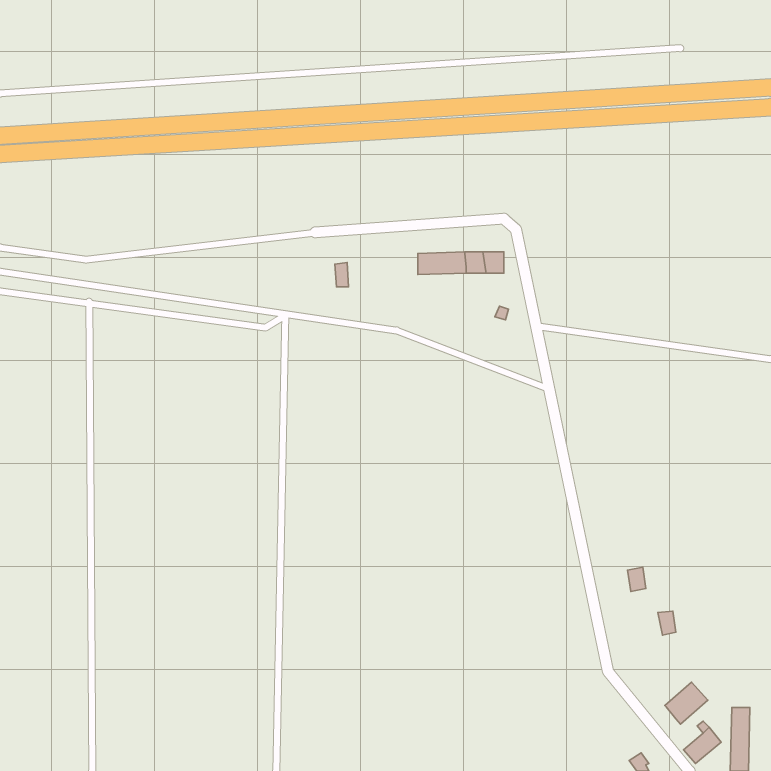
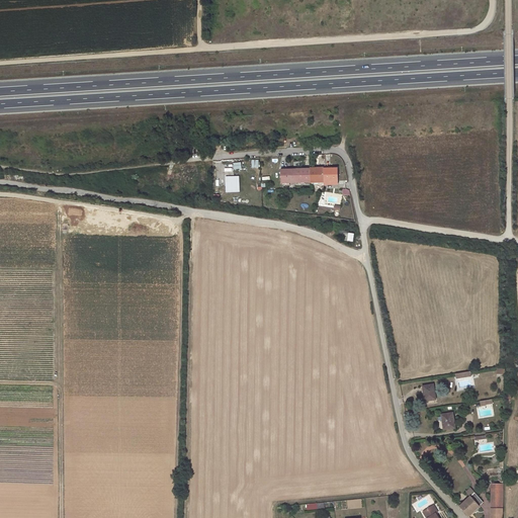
building: [665,682,708,724] -> none

